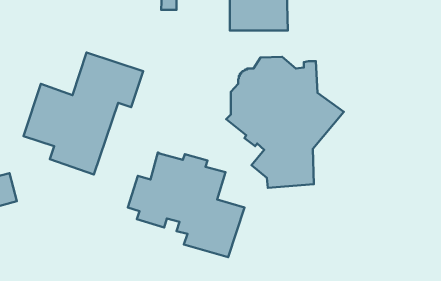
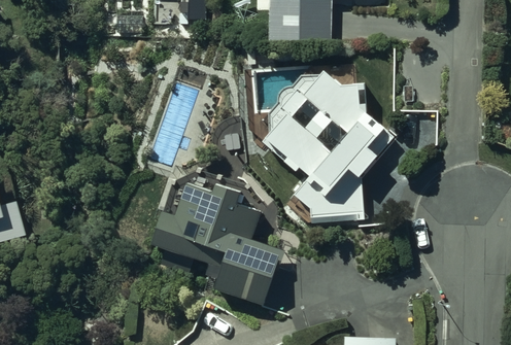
building: [24,53,143,175] -> none

